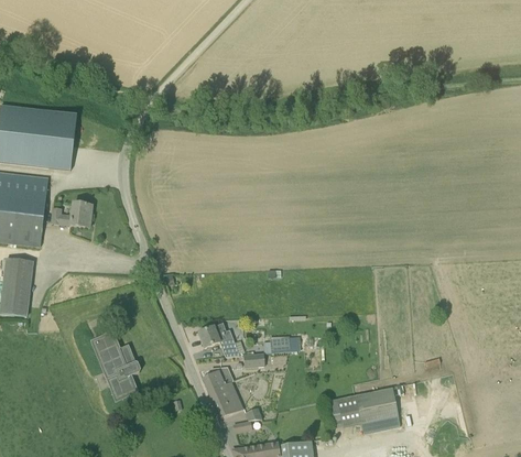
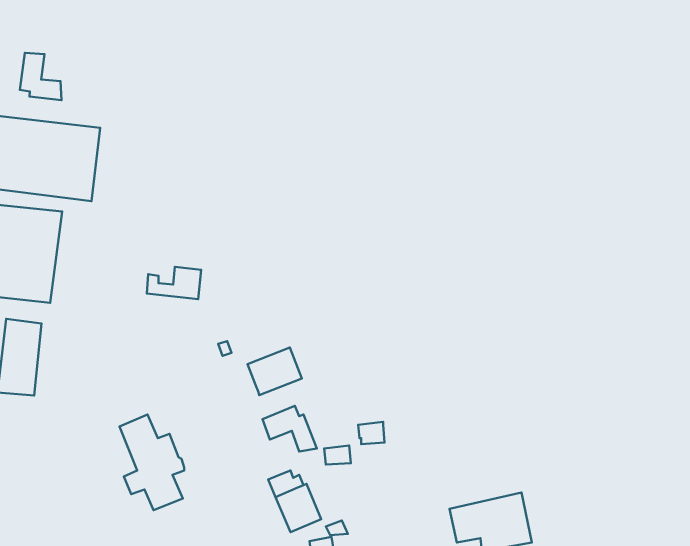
building: none -> [20,53,62,100]
building: [52,203,93,227] -> [147,267,201,299]
building: none -> [248,347,302,395]

